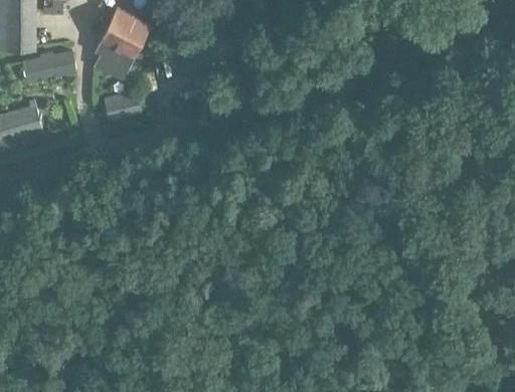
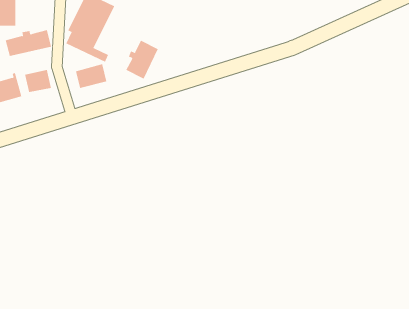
building: none -> [125,40,159,79]
building: none -> [25,69,52,93]

